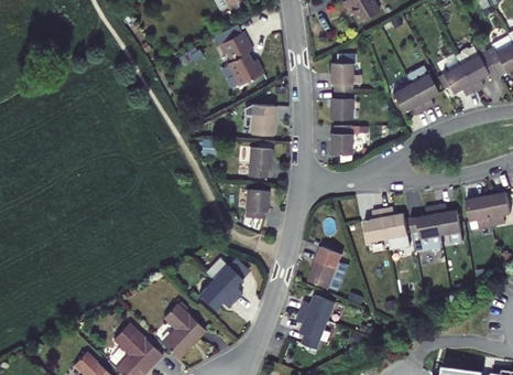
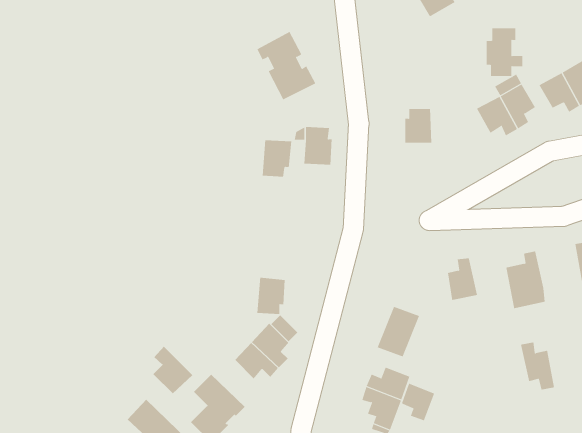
building: [334,53,363,92] -> [486,28,523,76]
building: [334,126,356,154] -> none
building: [250,149,274,179] -> [262,140,292,177]
building: [247,191,270,221] -> [257,277,286,314]
building: [438,203,466,242] -> [520,342,555,390]
building: [385,208,412,240] -> none
building: none -> [152,346,193,394]
building: none -> [400,383,435,421]

